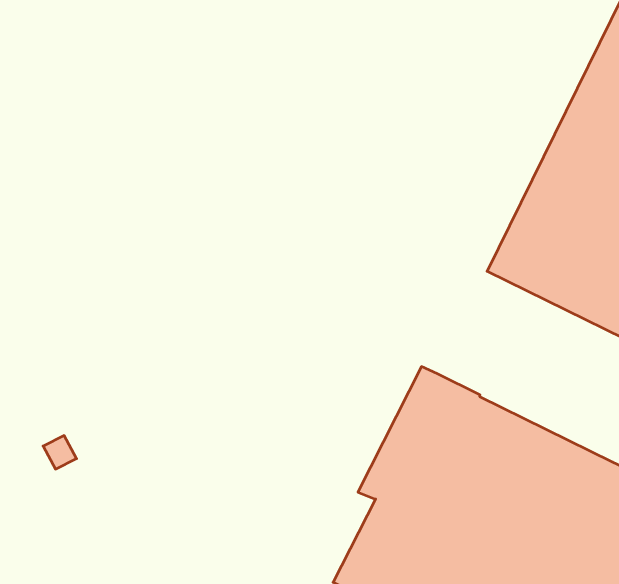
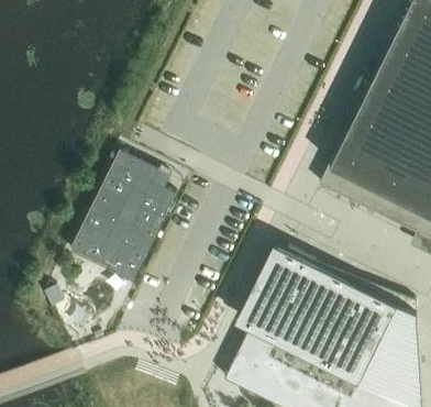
building: none -> [70,152,175,282]

